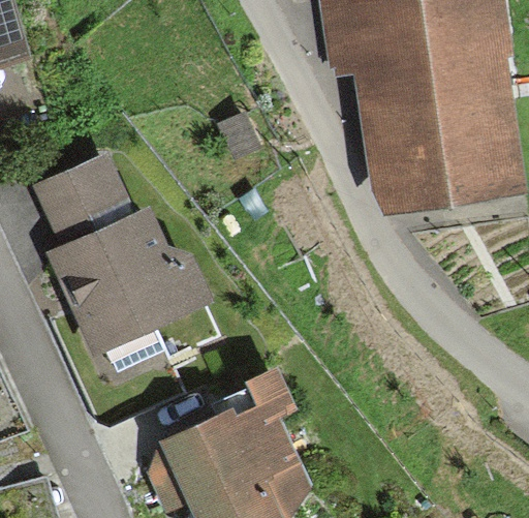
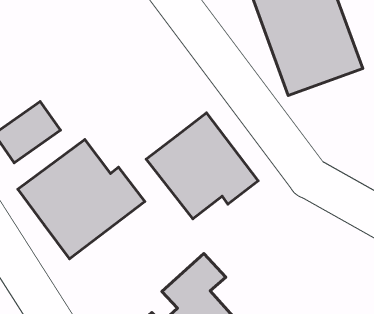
building: none -> [146,113,258,219]

